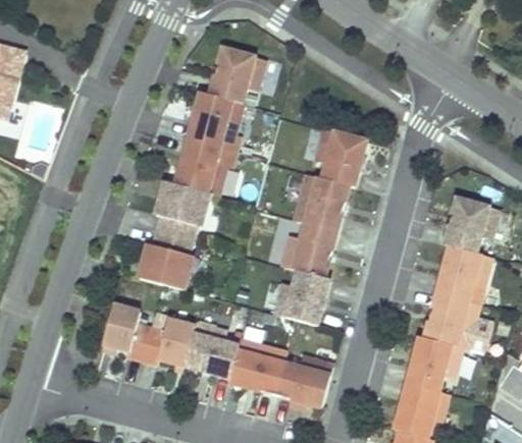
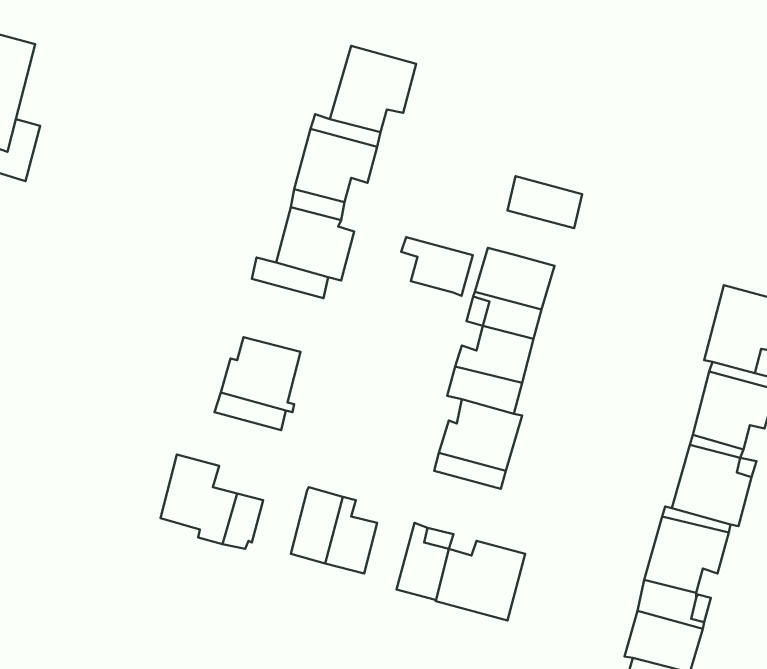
building: [317,151,362,187] -> [401,237,473,296]
building: [154,193,205,239] -> none
building: [160,320,195,366] -> none
building: [228,340,262,388] -> none

